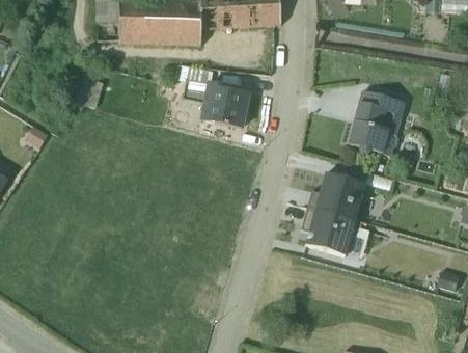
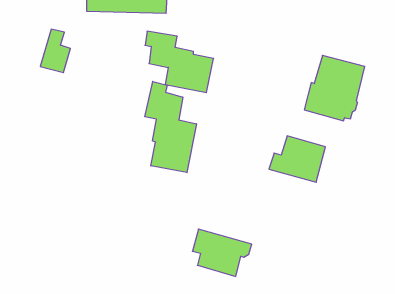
building: none -> [145,81,196,173]
building: [301,207,362,255] -> [192,229,252,276]

